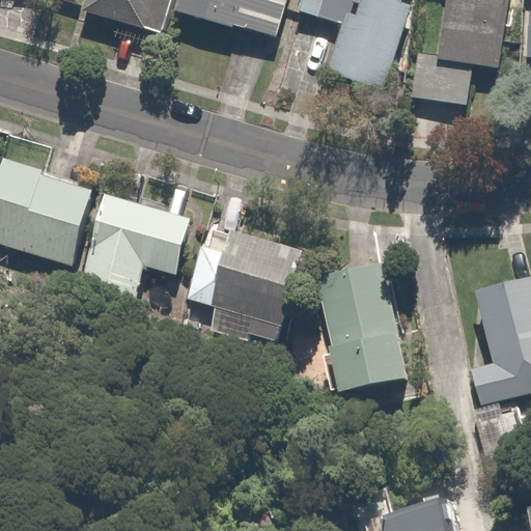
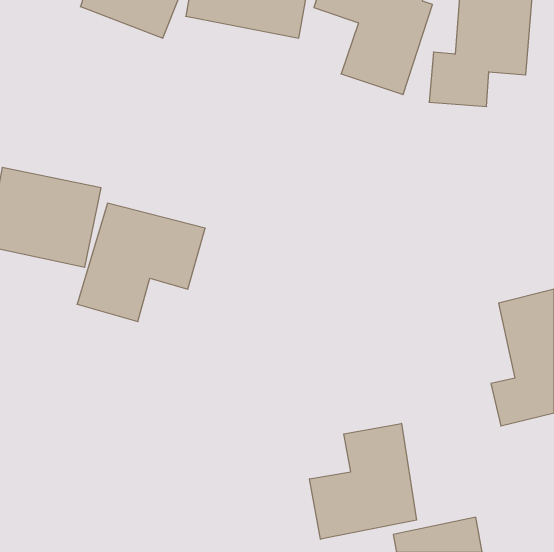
building: [174,220,313,352] -> none
building: [317,268,411,394] -> none
building: none -> [310,423,416,539]

